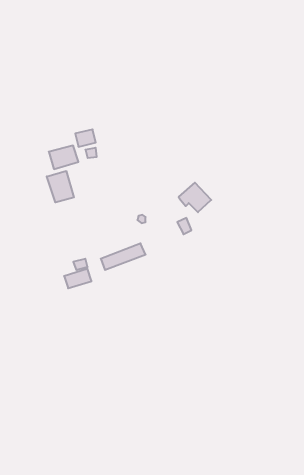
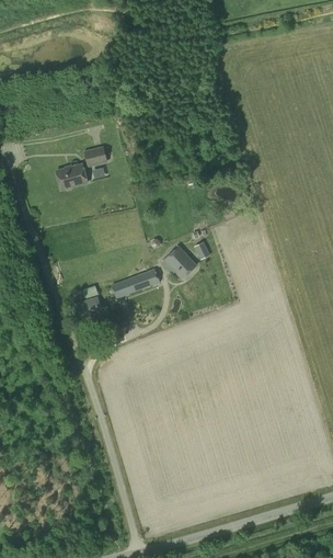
building: [47,171,74,202] -> none
building: [179,183,211,212] -> [161,246,196,277]

